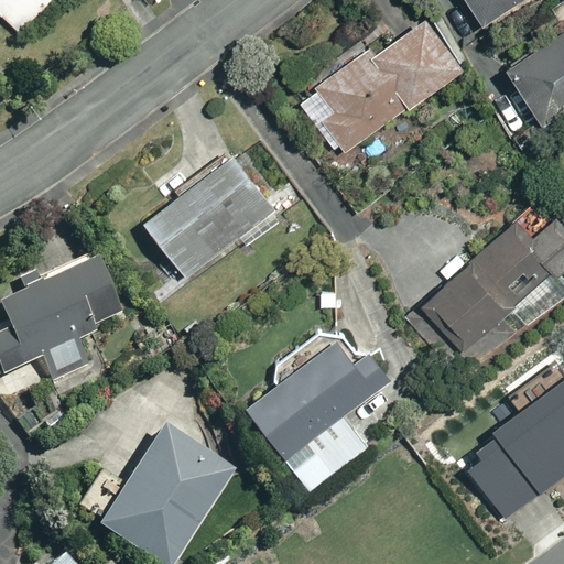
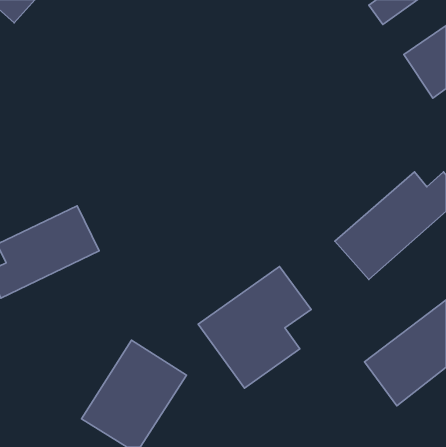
building: [303,21,463,153] -> none
building: [145,155,281,278] -> none

